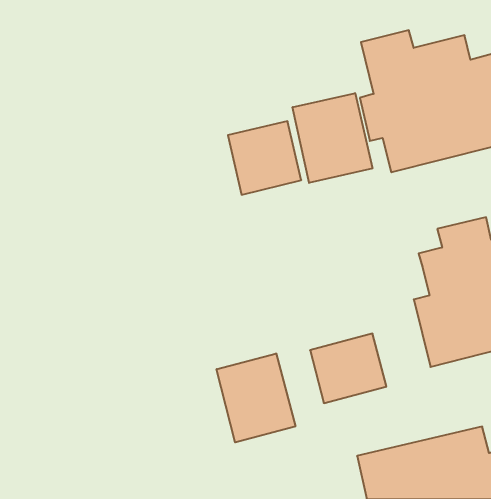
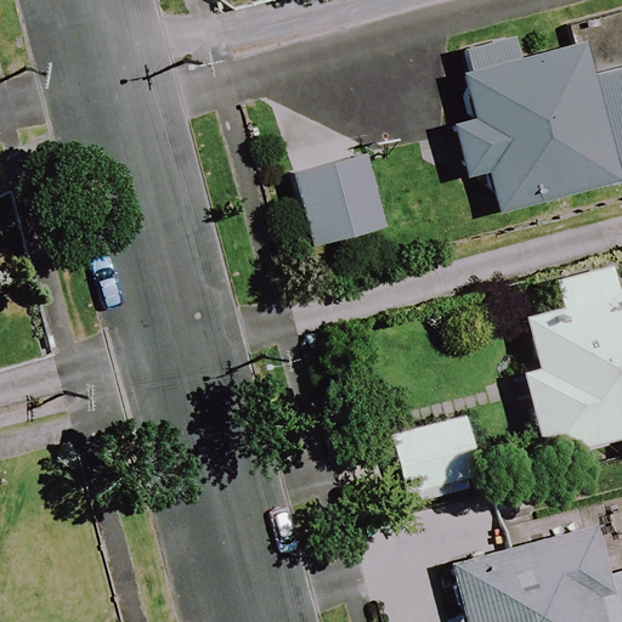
building: [293,93,372,183] -> none
building: [217,353,295,442] -> none

